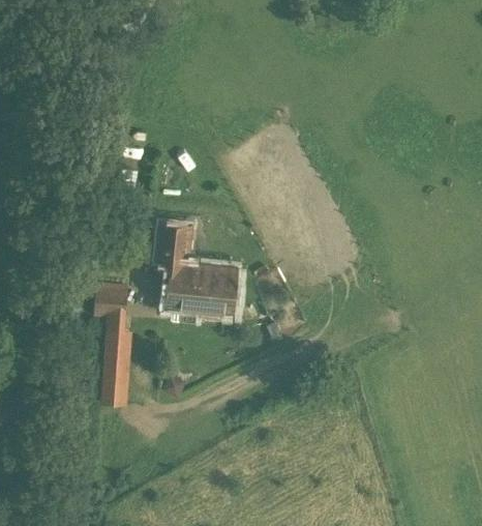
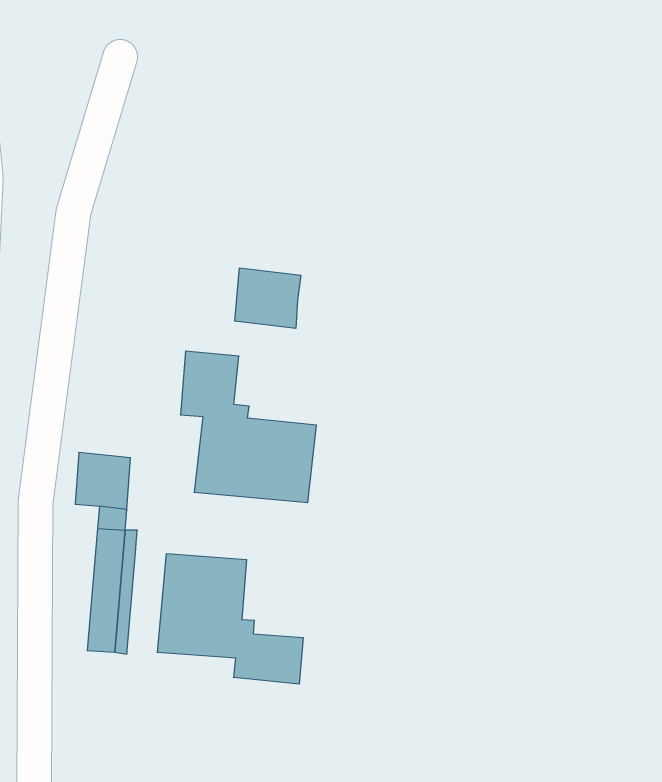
building: none -> [235,268,301,328]
building: none -> [158,554,303,684]

